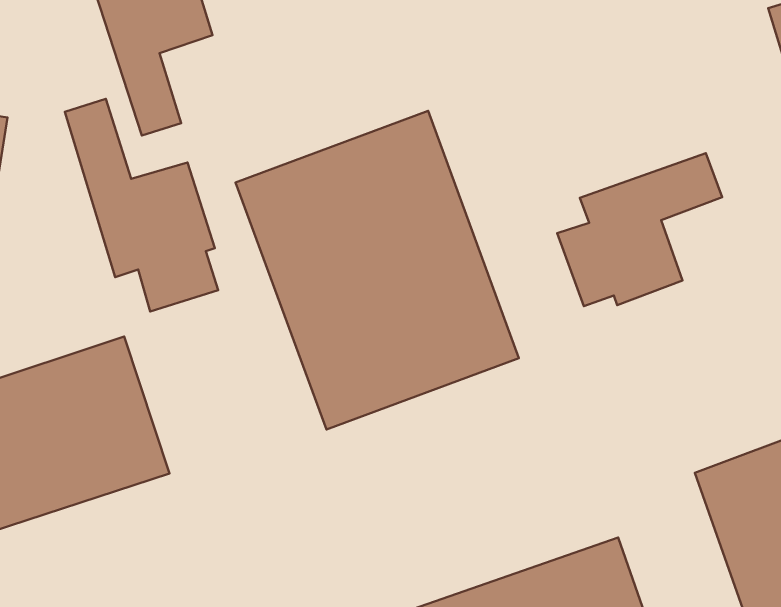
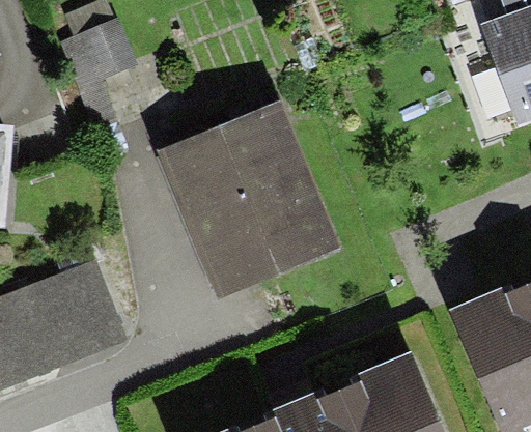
building: [65,99,218,312] -> none
building: [557,153,722,306] -> none

